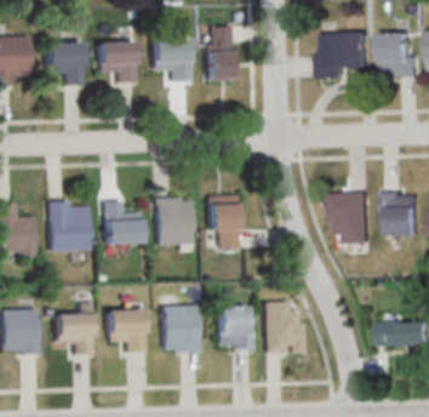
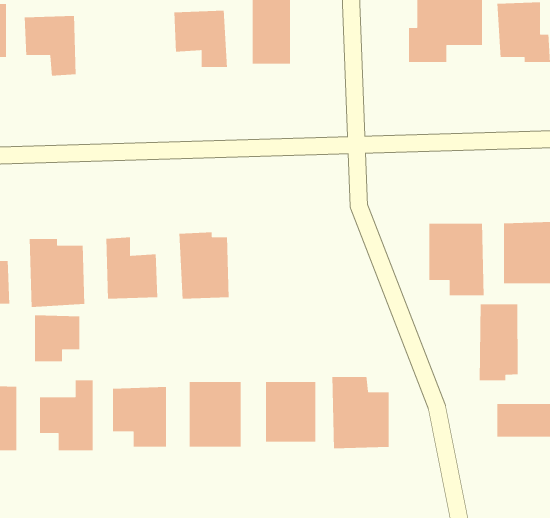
building: [96,42,133,86] -> none
building: [206,194,236,247] -> none
building: none -> [479,303,518,381]
building: none -> [34,315,80,362]

